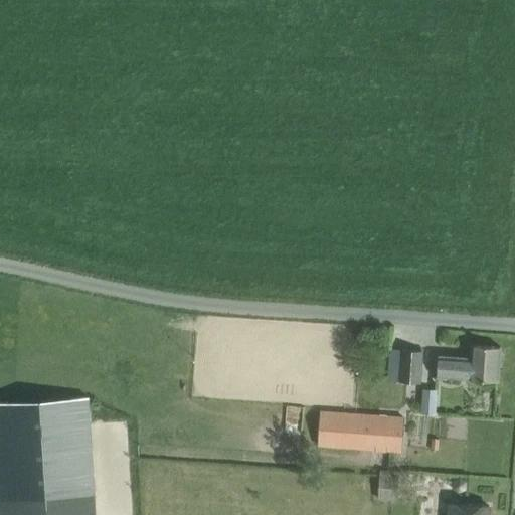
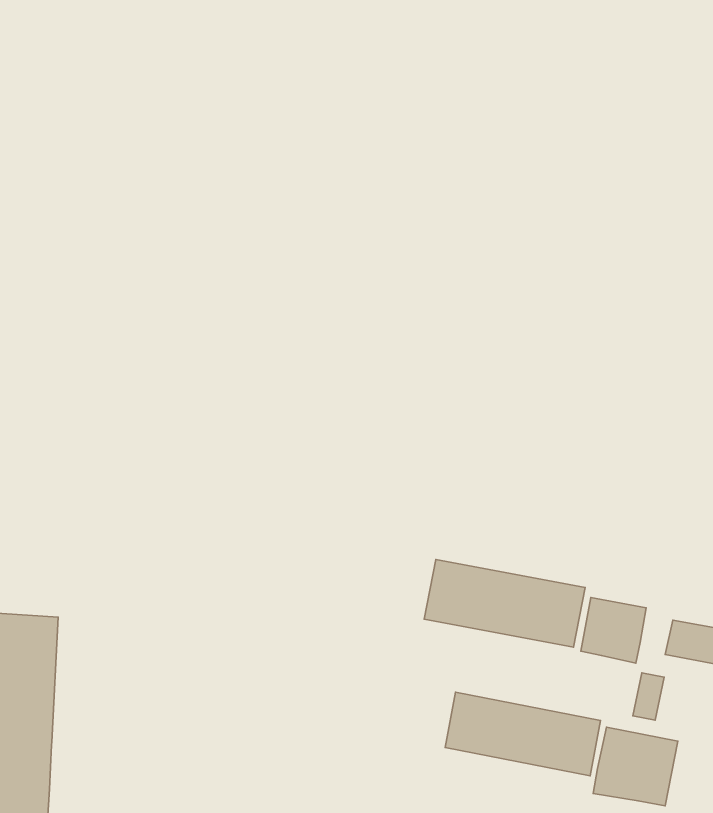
building: none -> [424,559,585,647]
building: none -> [593,727,678,806]

